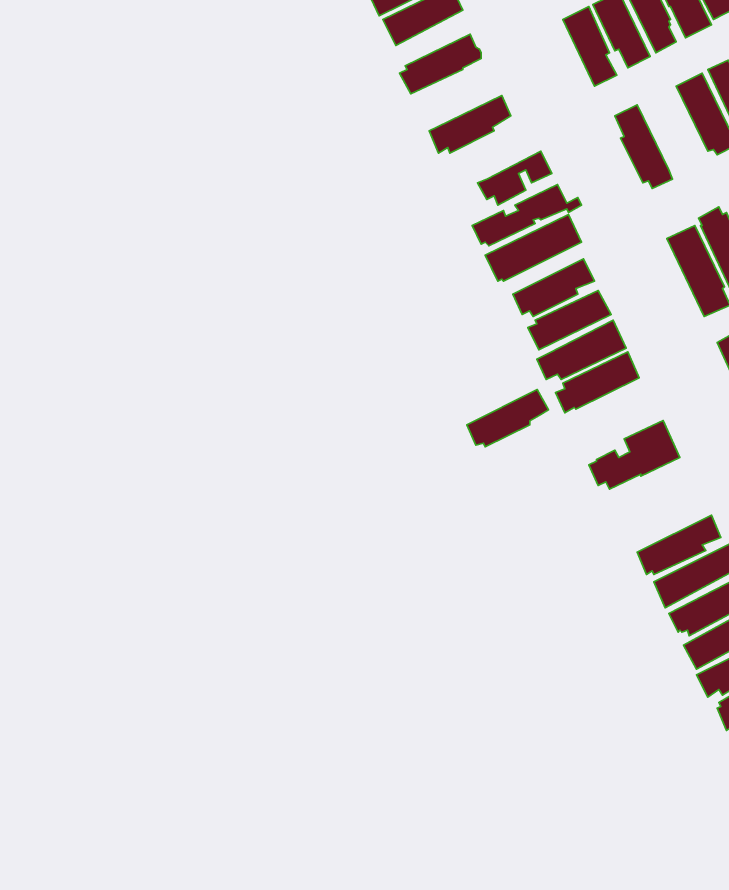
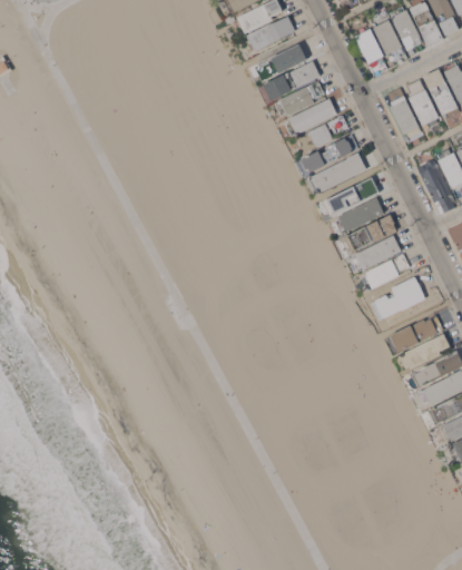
building: none -> [264,60,321,100]
building: none -> [406,79,439,126]
building: none -> [285,98,337,136]
building: [467,389,548,447] -> [361,254,410,288]
building: none -> [391,316,443,353]

